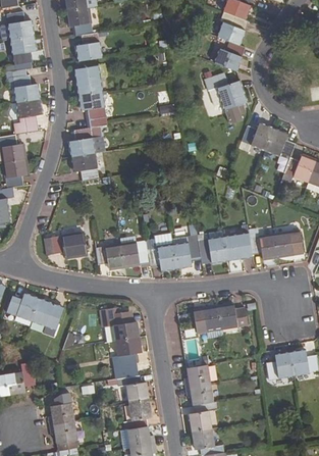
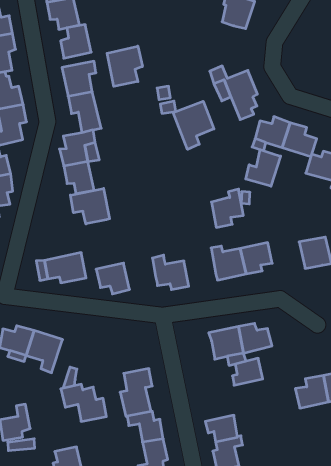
building: [214,41,245,70] -> none
building: none -> [107,46,142,86]
building: none -> [173,101,214,149]
building: none -> [246,150,281,186]
building: none -> [70,188,110,224]
building: [248,229,279,260] -> none
building: [173,235,201,267] -> [211,189,243,227]
building: [120,241,149,267] -> none
building: [99,308,138,341] -> [61,384,106,421]
building: [183,364,210,387] -> [232,358,263,385]

